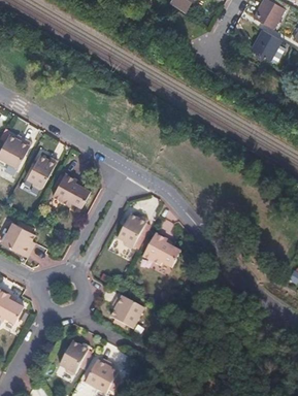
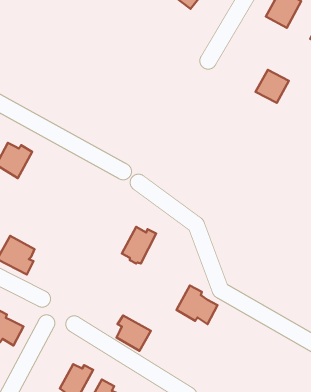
building: [247,29,278,60] -> [256,70,289,103]
building: [28,155,58,189] -> none
building: [53,174,92,208] -> none
building: [142,233,180,269] -> [176,285,217,324]

